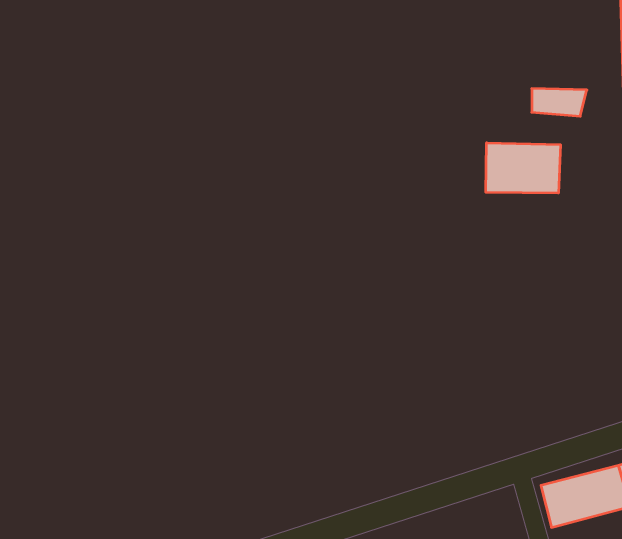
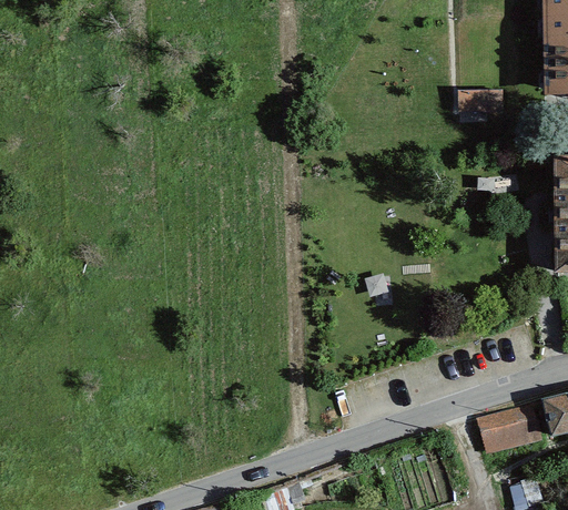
building: [486,143,560,193] -> none

